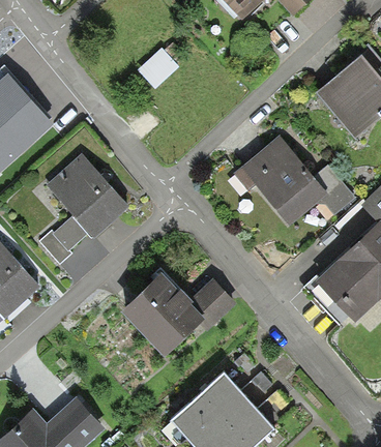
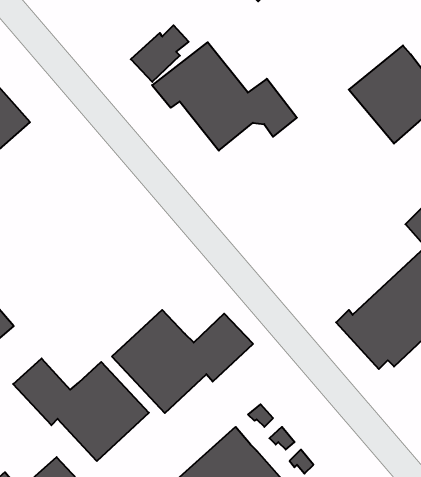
building: [234,136,353,225] -> [152,42,297,151]
building: [40,154,128,262] -> none
building: none -> [13,358,149,461]

